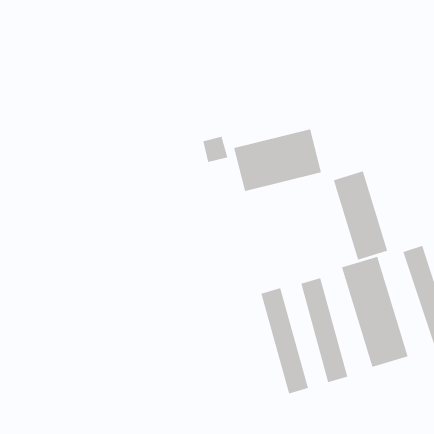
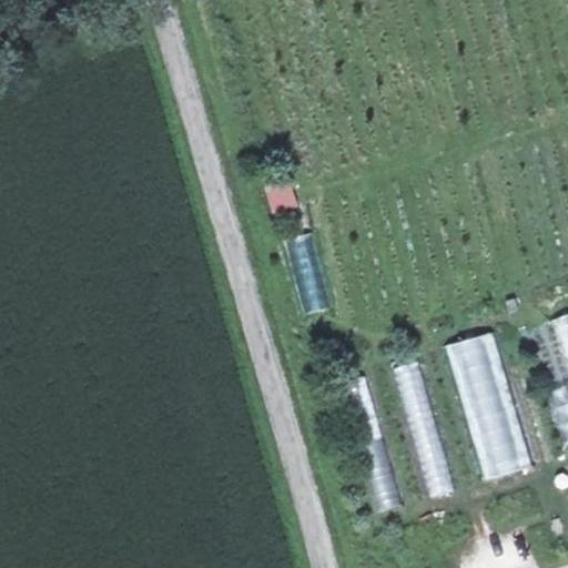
building: [234,128,322,192] -> none
building: [333,171,388,260] -> none

